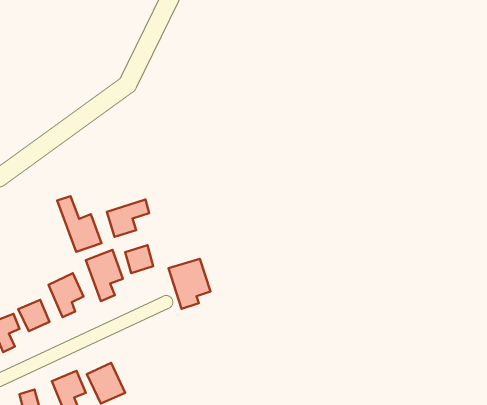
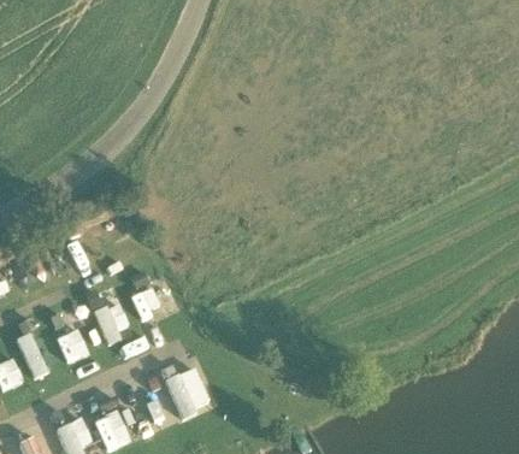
building: [57,196,101,252] -> none
building: [107,200,149,237] -> none
building: [169,259,210,309] -> [166,367,210,419]

